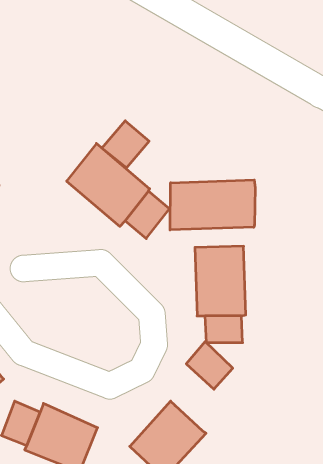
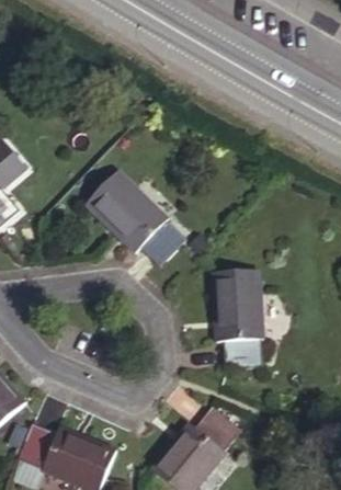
building: [102,121,149,168] -> none
building: [170,180,255,230] -> none
building: [186,342,233,389] -> [192,404,238,452]

